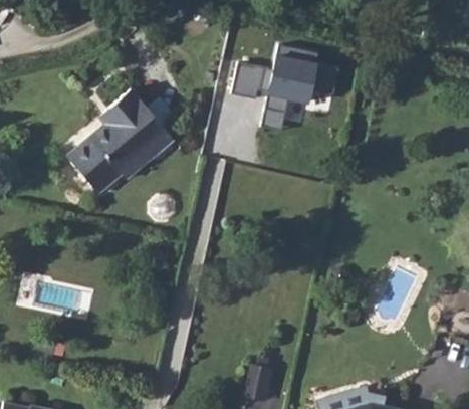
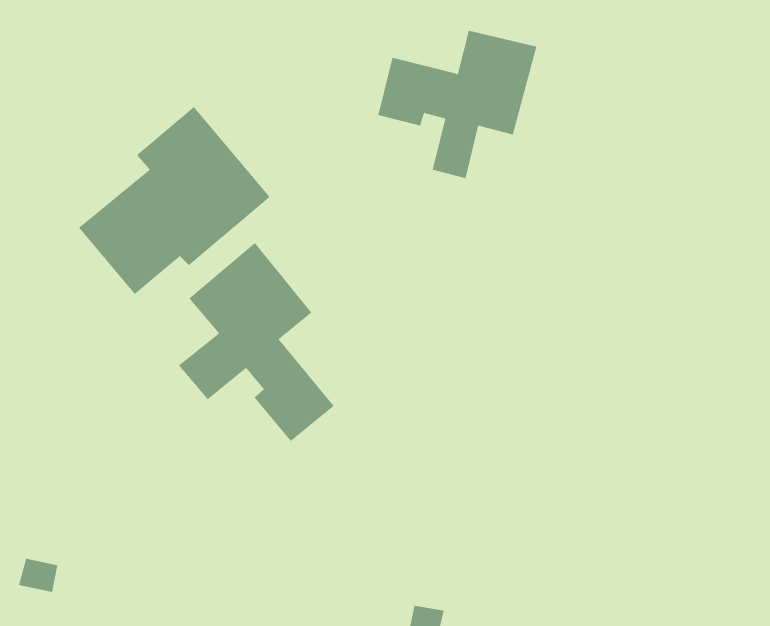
building: none -> [178,242,335,442]

